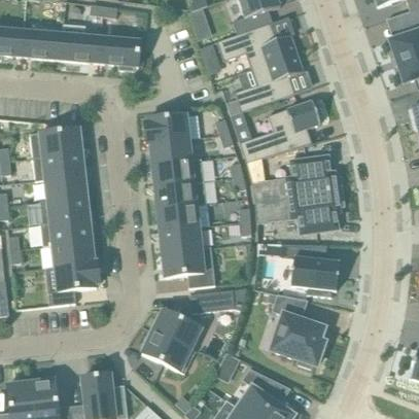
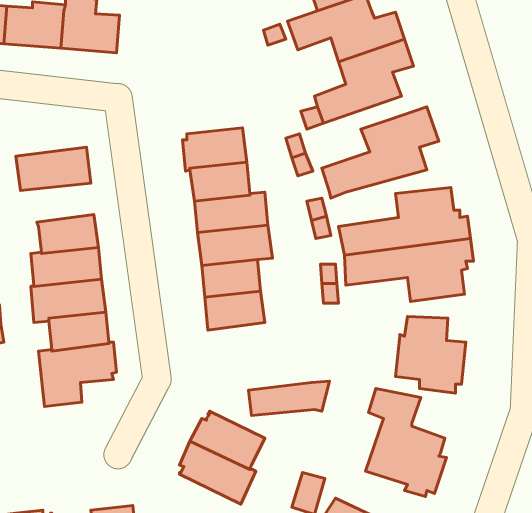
building: [99,37,140,70] -> none
building: [33,152,83,183] -> none
building: [162,246,215,287] -> none

